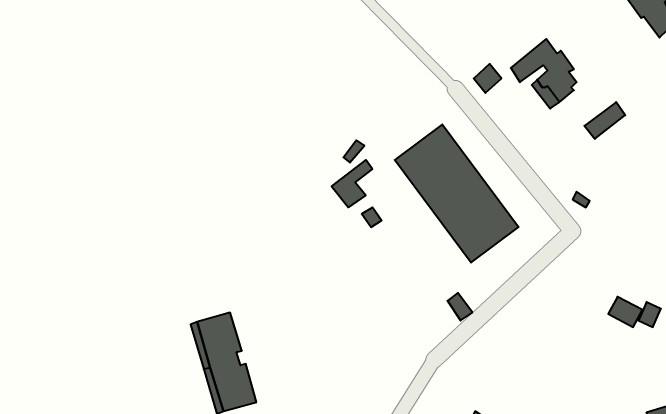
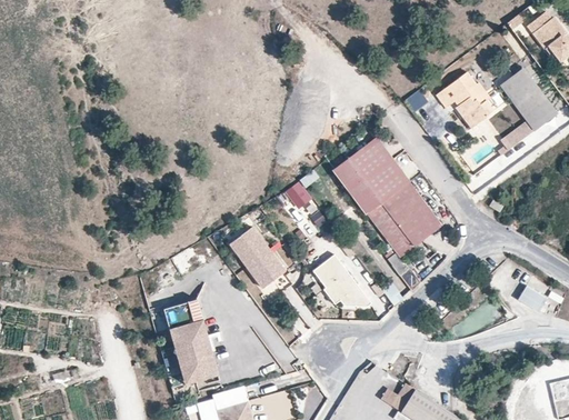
building: none -> [499,64,556,127]
building: none -> [230,230,284,290]
building: none -> [312,256,370,310]

